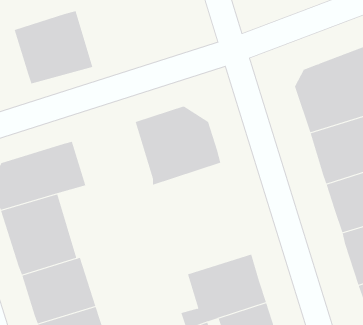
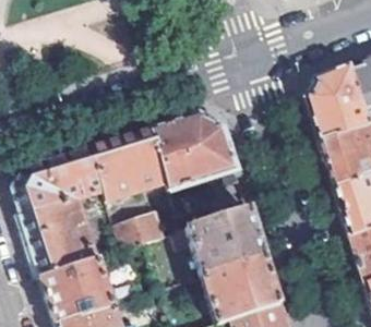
building: [14,10,93,84] -> [92,129,168,199]
building: none -> [172,208,264,275]
building: none -> [117,213,165,250]

